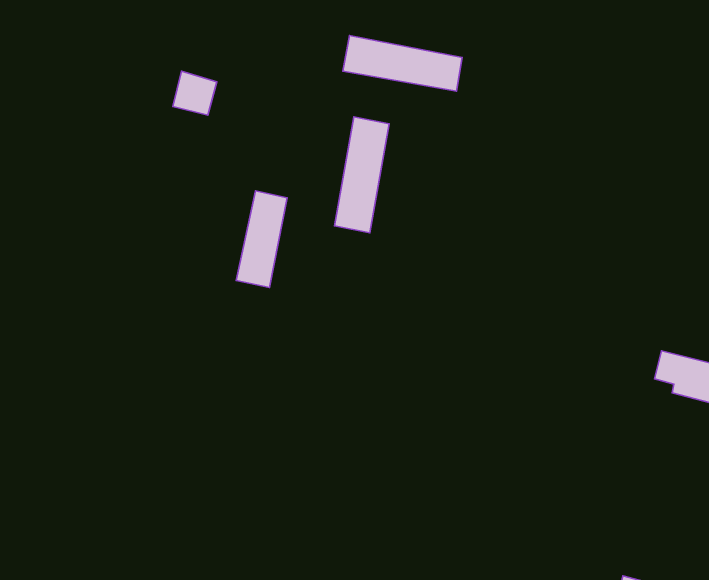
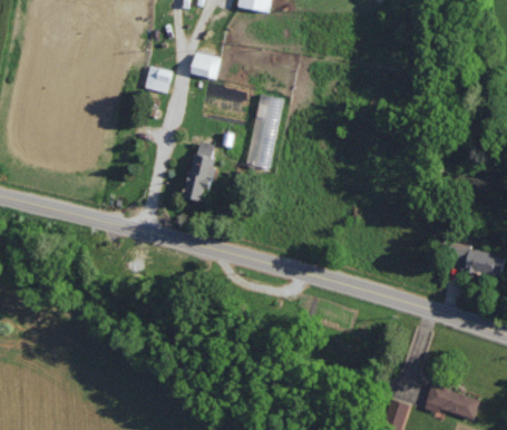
building: [343,36,462,91] -> none
building: none -> [191,52,218,77]

